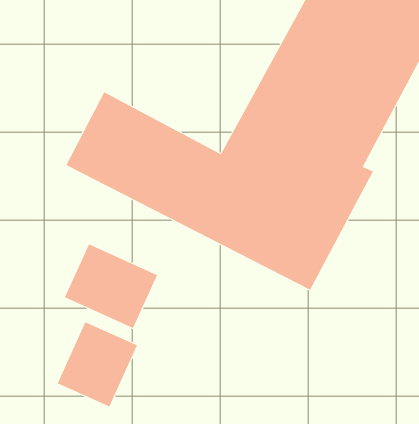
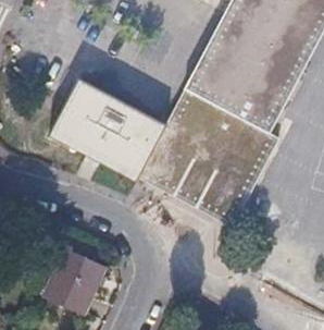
building: [64,244,158,329] -> none

